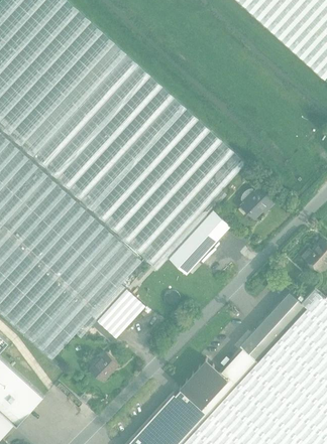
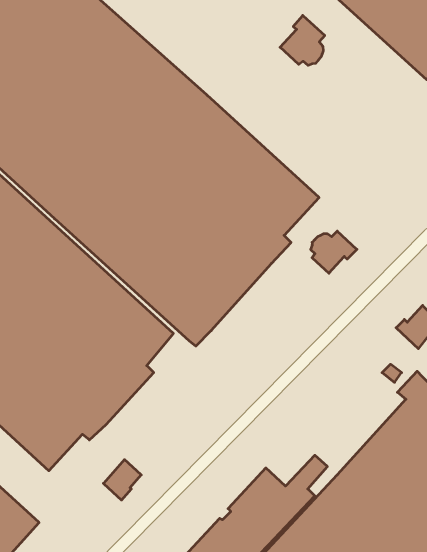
building: none -> [280,15,325,65]
building: [169,210,230,274] -> none
building: [93,289,146,343] -> none
building: [240,291,309,362] -> none

